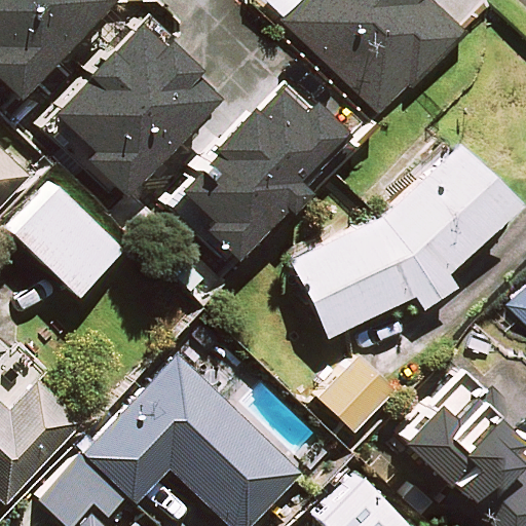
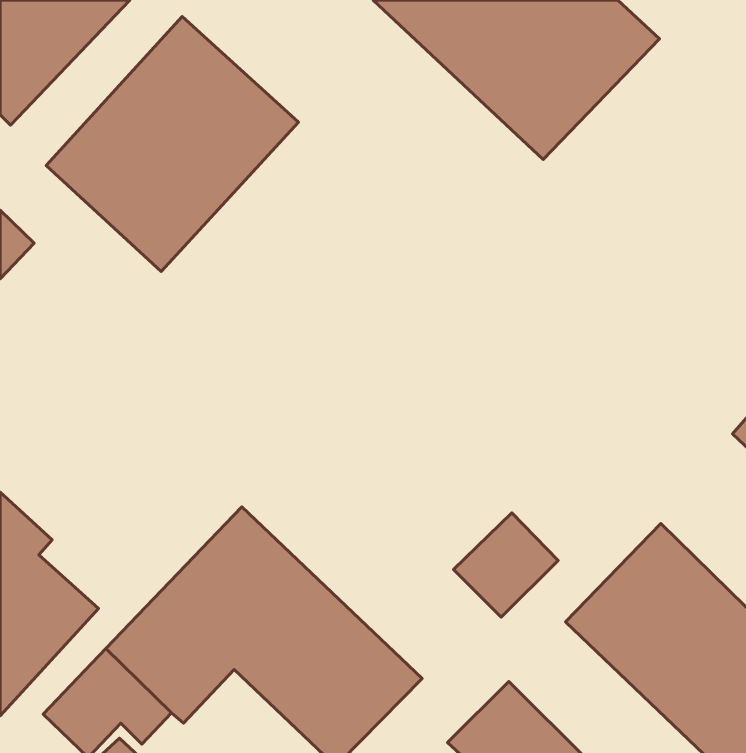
building: [183,82,354,256] -> none
building: [292,141,514,336] -> none
building: [15,186,125,295] -> none

